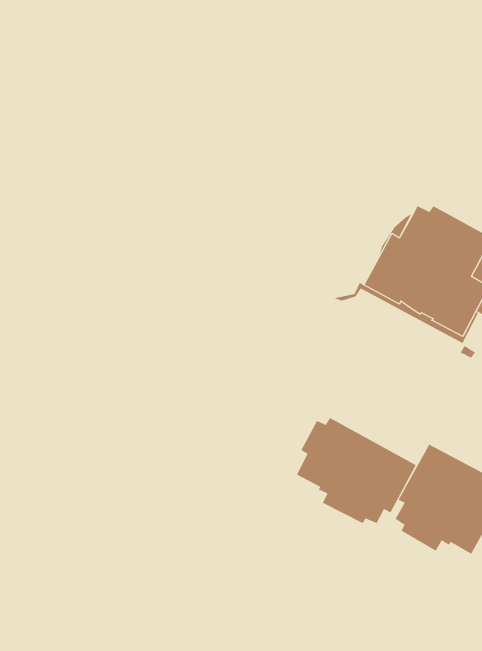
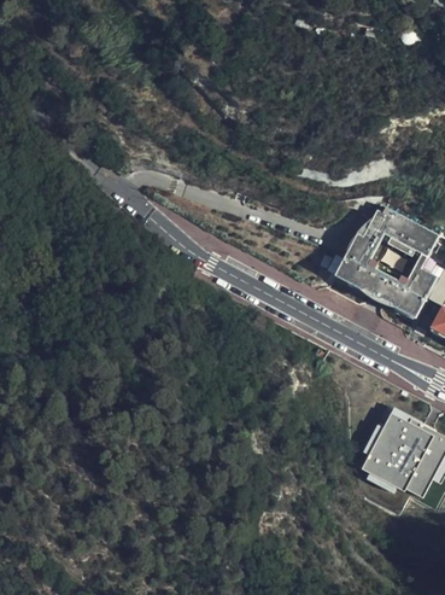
building: [296,417,416,524] -> none

